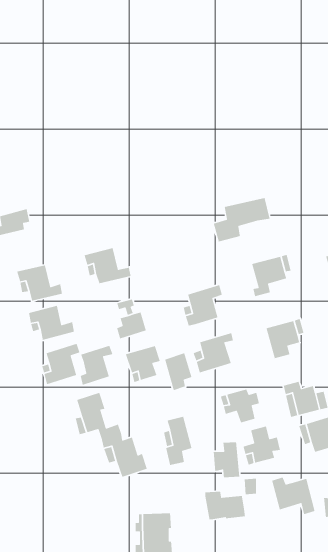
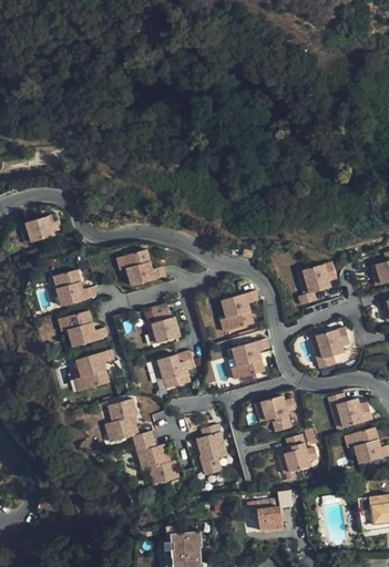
building: [213,197,271,242] -> none
building: [80,345,113,386] -> none
building: [164,352,193,391] -> none
building: [213,442,240,478] -> none
building: [271,476,315,515] -> none

